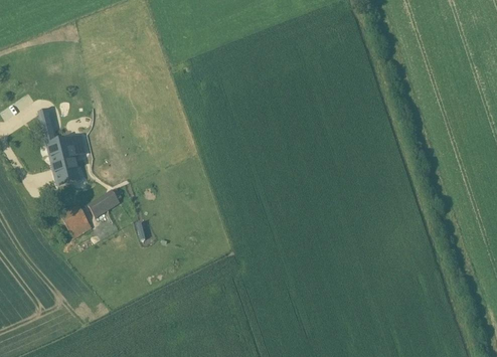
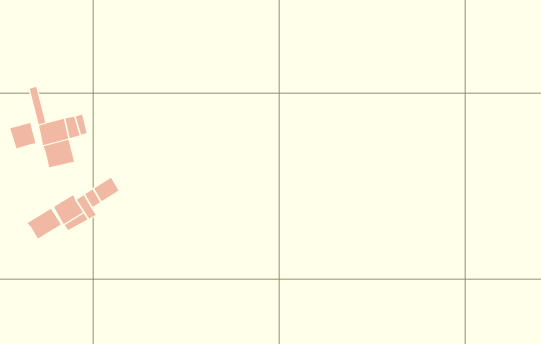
building: none -> [10,122,36,149]
building: none -> [27,208,62,239]

